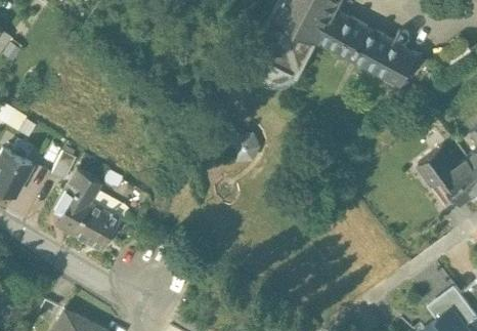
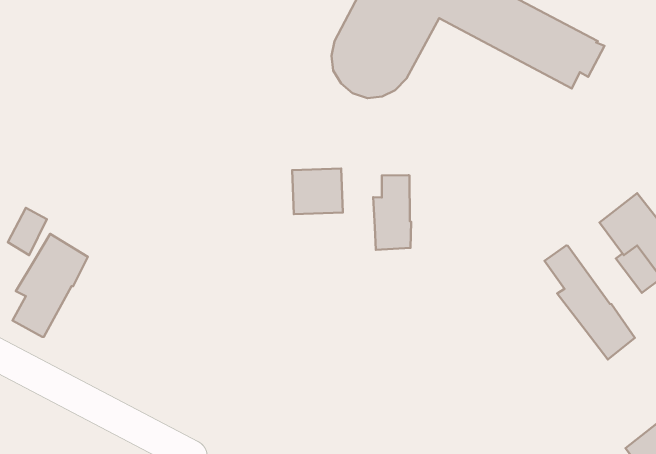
building: none -> [373,175,411,250]
building: none -> [545,246,635,359]
building: [72,203,117,250] -> none

